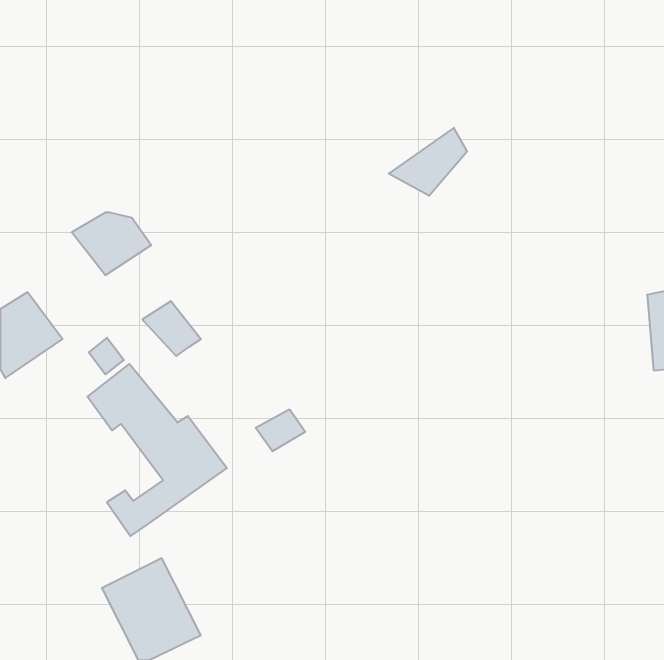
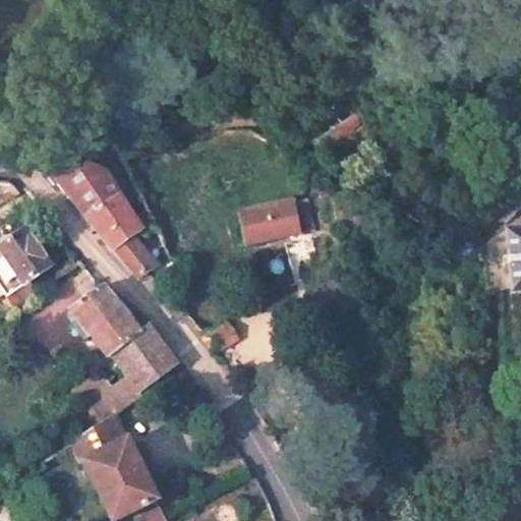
building: none -> [84,191,146,249]
building: none -> [242,196,317,242]
building: none -> [72,409,128,459]

